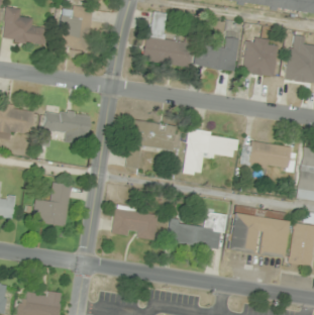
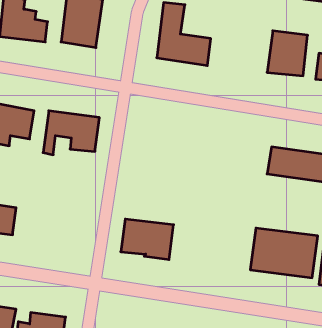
building: [196,36,239,72] -> none
building: [126,119,177,169] -> none
building: [184,129,239,176] -> none
building: [33,182,72,226] -> none
building: [168,212,226,250] -> none

